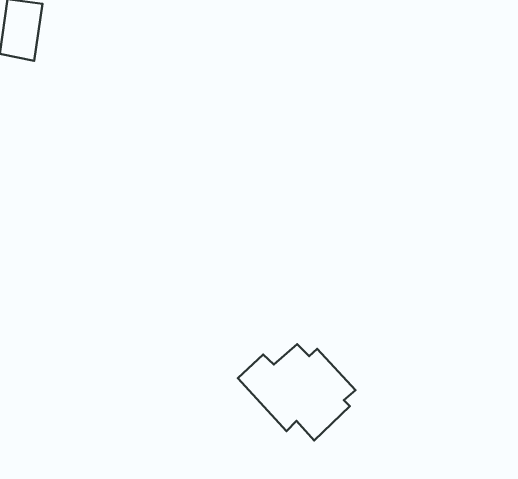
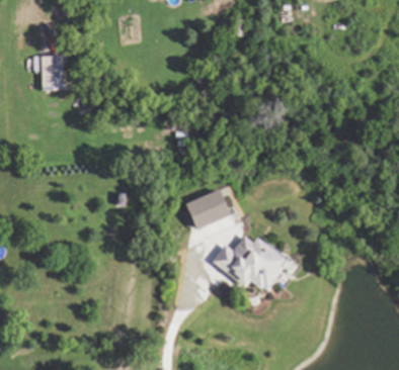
building: none -> [184,189,229,228]

